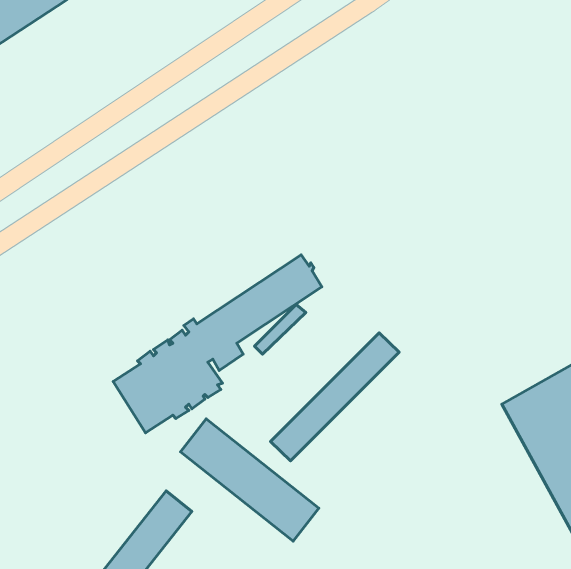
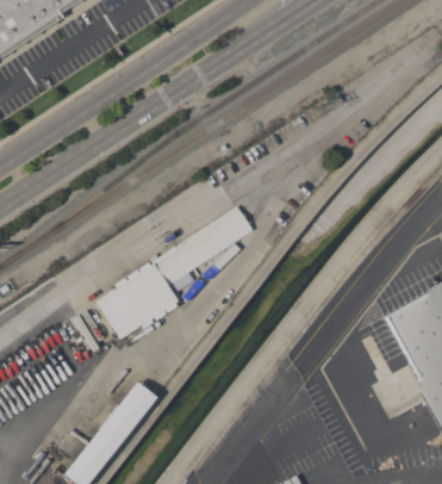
building: [271,333,399,461] -> none
building: [181,419,319,541] -> none

